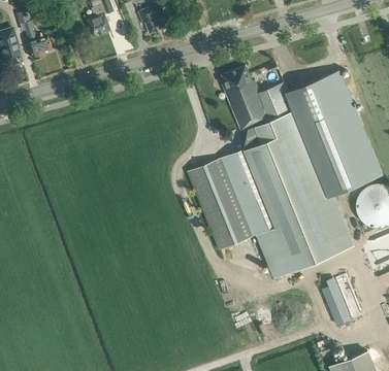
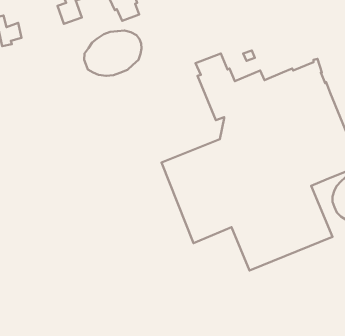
building: none -> [84,31,142,76]
building: [321,278,351,326] -> none

